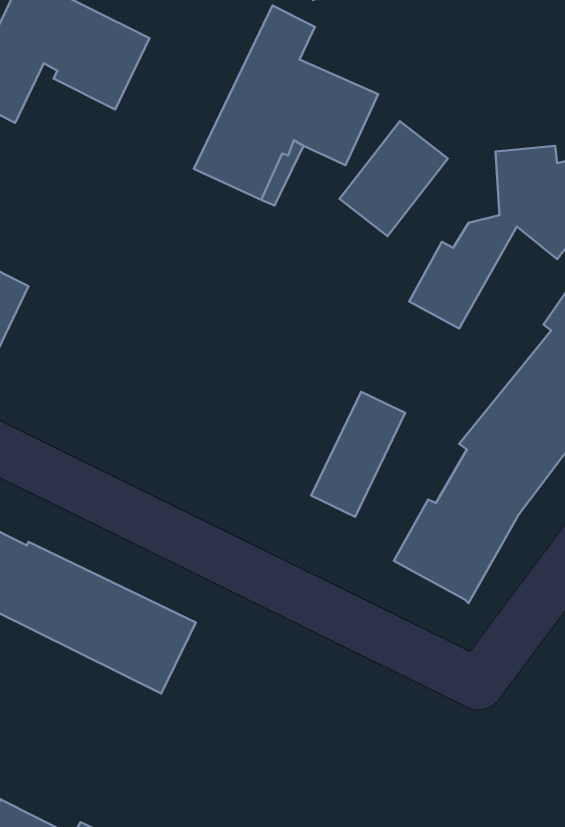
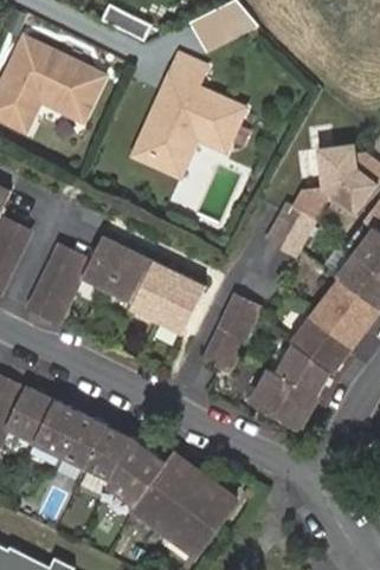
building: [340,121,448,236] -> none
building: none -> [28,235,206,333]
building: none -> [108,438,234,558]

